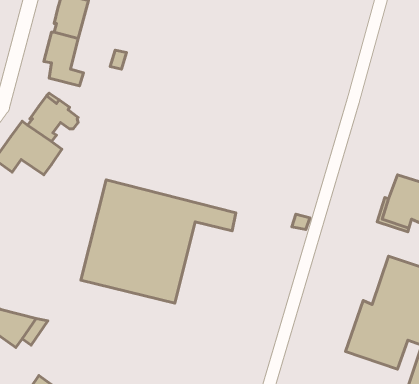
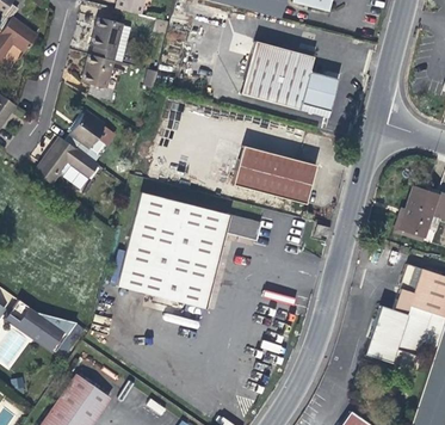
building: none -> [240,39,338,115]
building: none -> [231,144,315,202]

